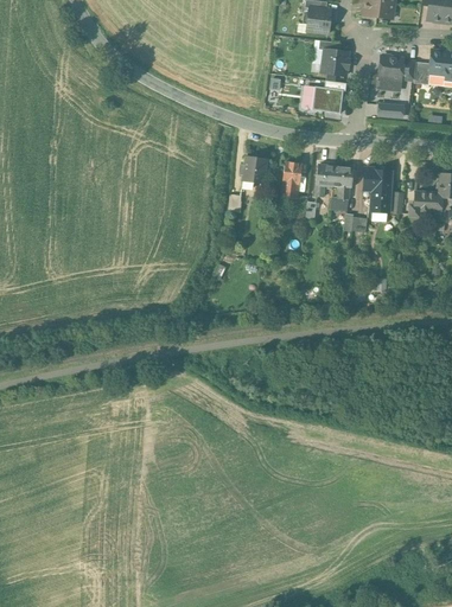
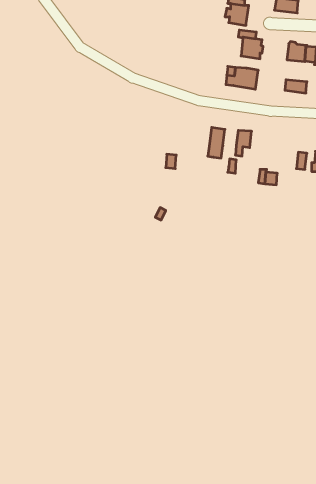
building: [241,156,267,184] -> none
building: [330,166,352,211] -> none
building: [363,168,391,222] -> none

